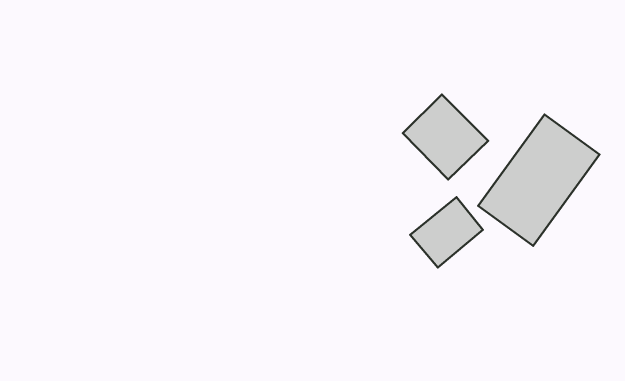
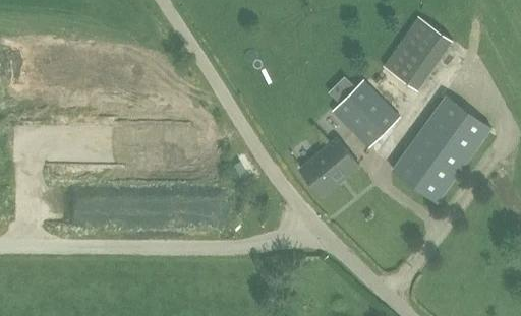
building: none -> [384,16,453,90]
building: [410,197,483,267] -> [300,140,359,197]

